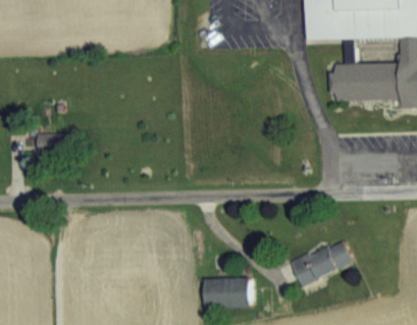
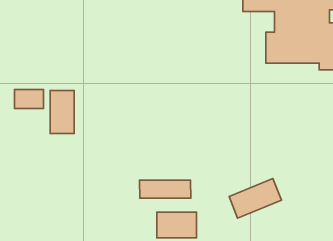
building: none -> [50,90,74,134]
building: none -> [140,180,191,198]

